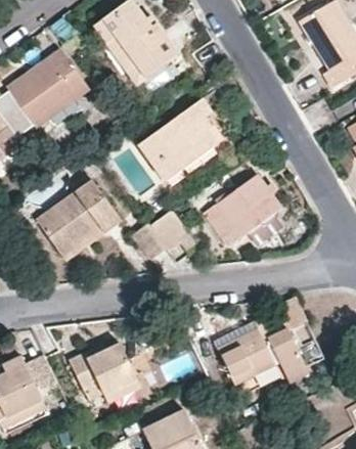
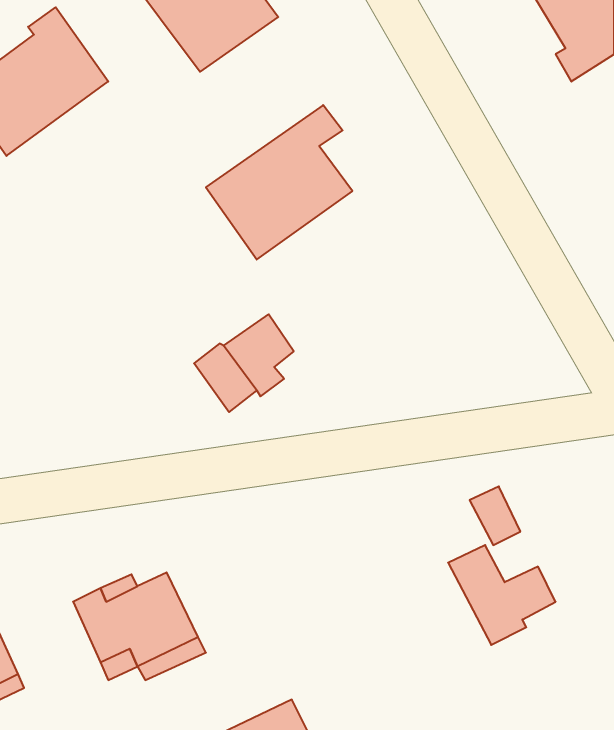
building: [37,174,121,260] -> none
building: [206,175,280,238] -> none
building: [217,330,274,385] -> none

